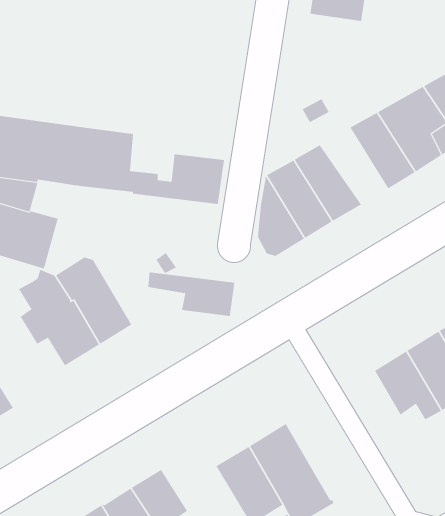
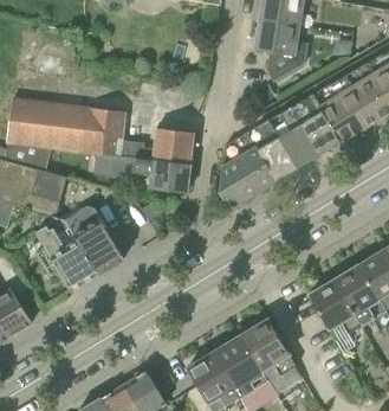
building: none -> [254,20,307,82]
building: none -> [267,108,319,167]
building: [147,272,235,316] -> [122,159,189,193]
building: none -> [241,320,296,383]

